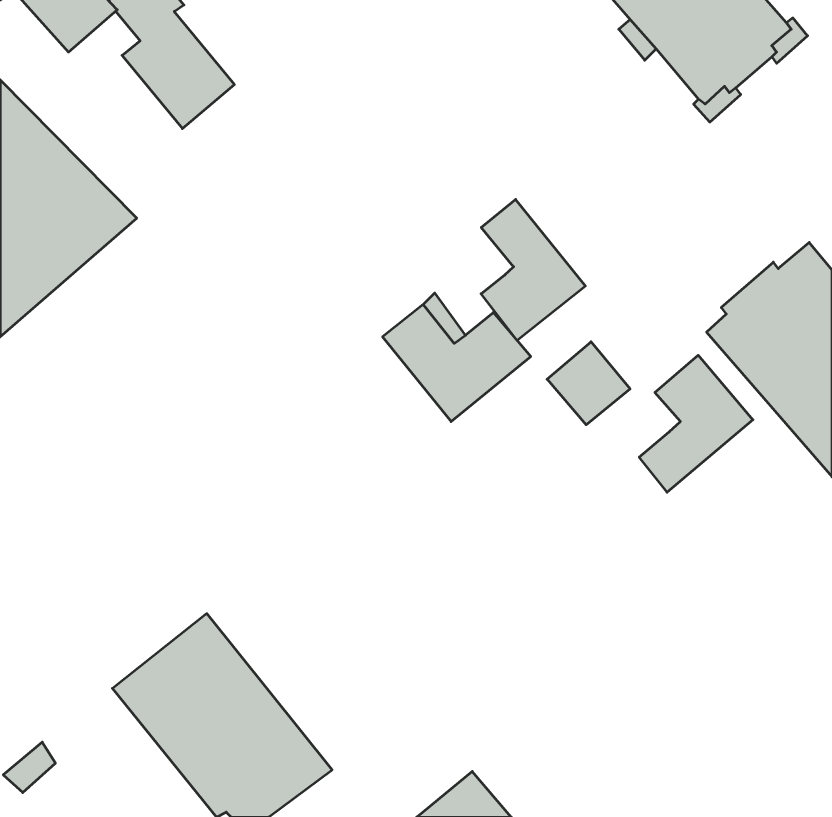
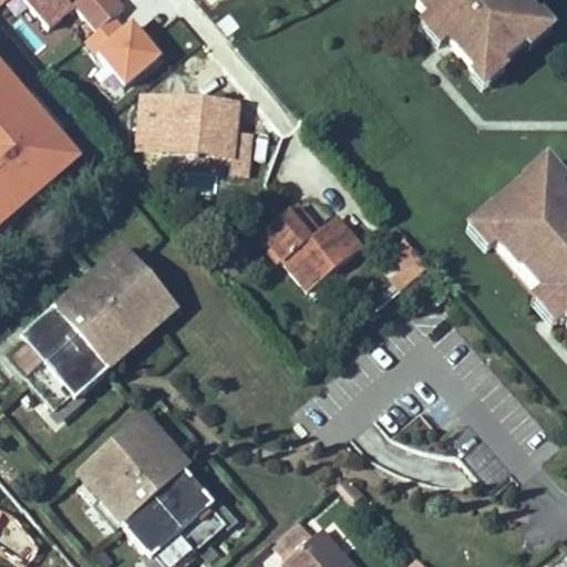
building: none -> [137,96,237,151]
building: [481,199,585,340] -> none
building: none -> [6,241,177,410]
building: [639,355,753,492] -> none

